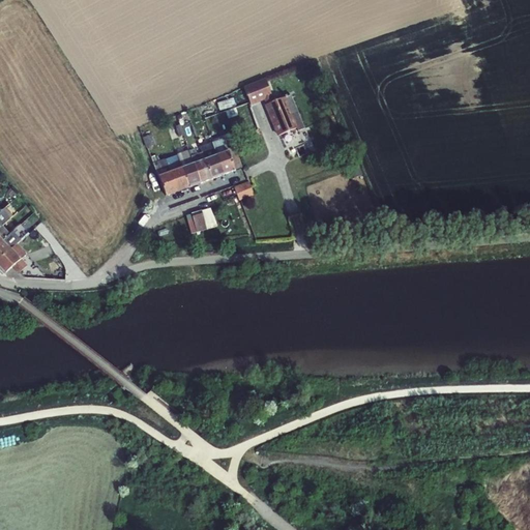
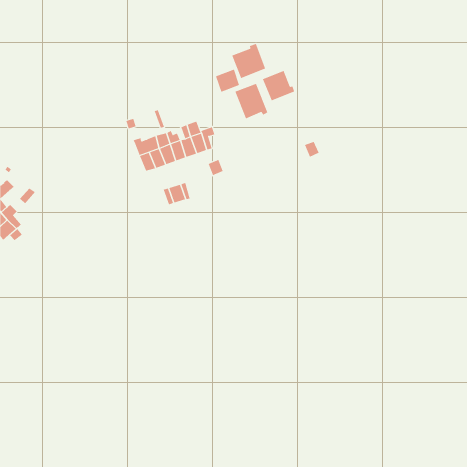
building: none -> [232,43,266,79]
building: none -> [262,70,295,101]

